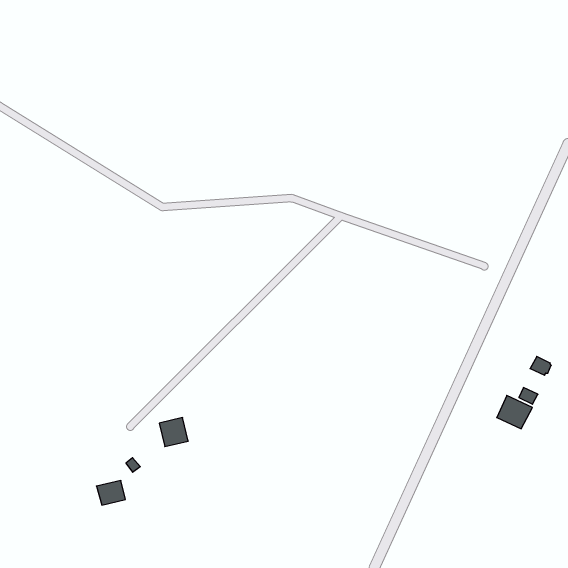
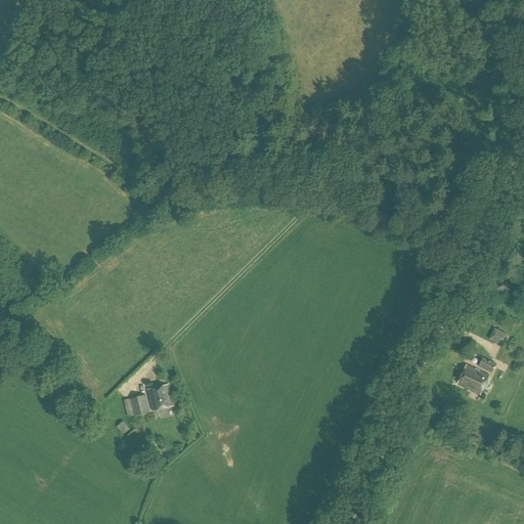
building: [96,481,125,505] -> [122,394,148,417]

